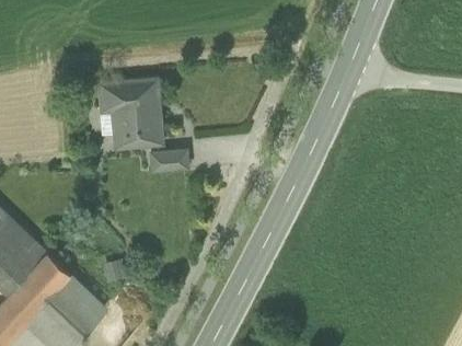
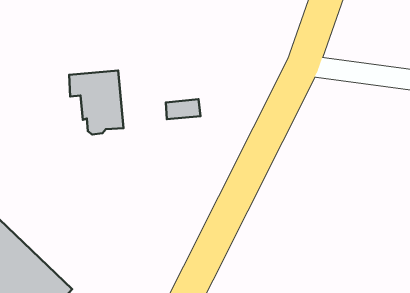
building: [151,151,187,172] -> [166,99,200,119]

